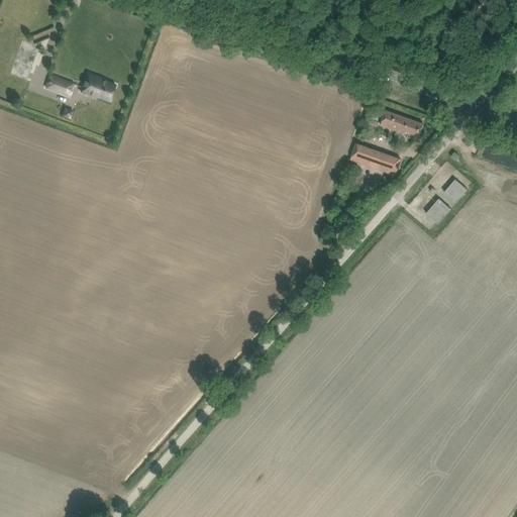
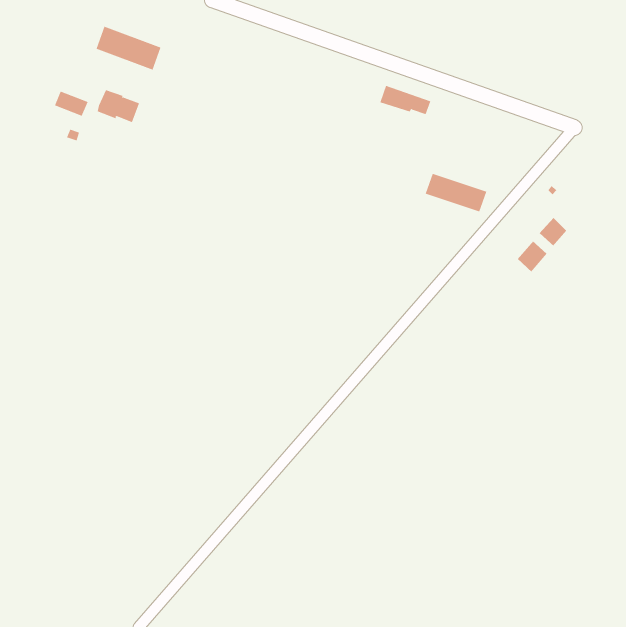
building: none -> [96,26,161,70]
building: [380,111,422,135] -> [380,85,431,115]

